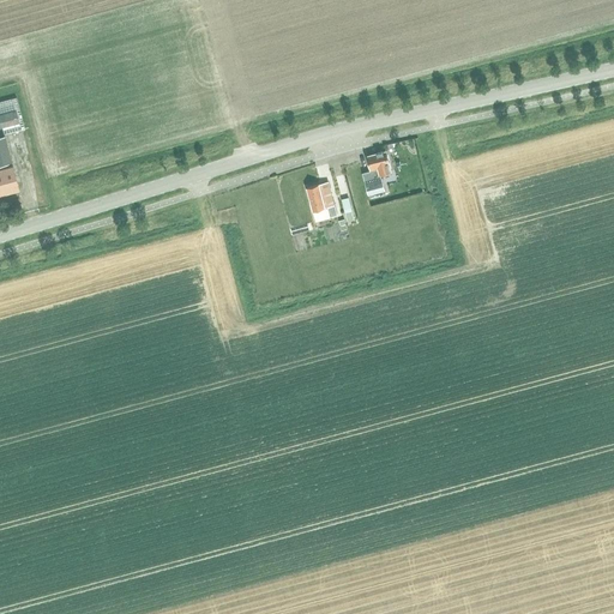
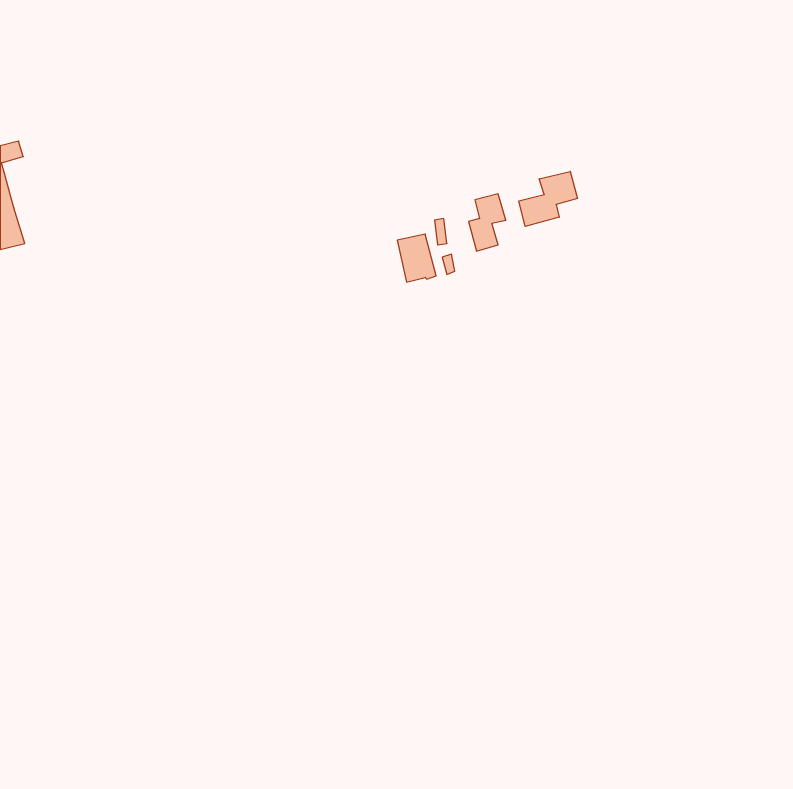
building: none -> [519,171,577,226]

